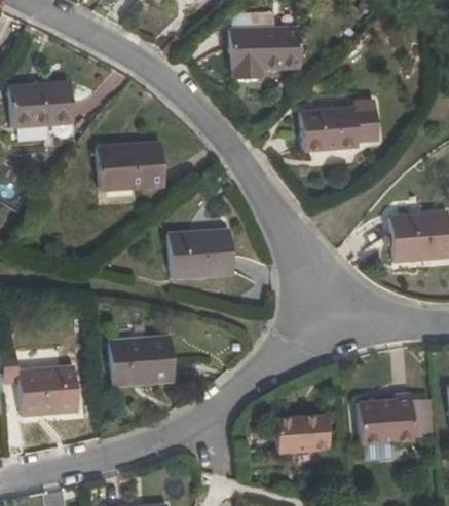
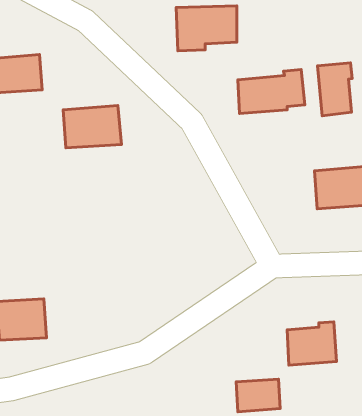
building: none -> [317,63,352,116]
building: [169,229,233,278] -> none
building: [111,336,174,385] -> none
building: [276,415,328,453] -> [236,379,280,412]

